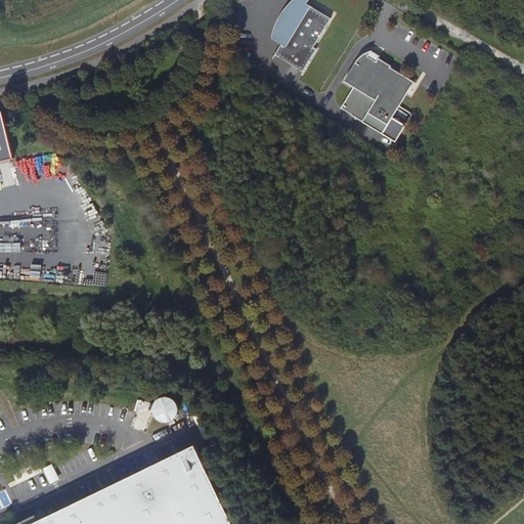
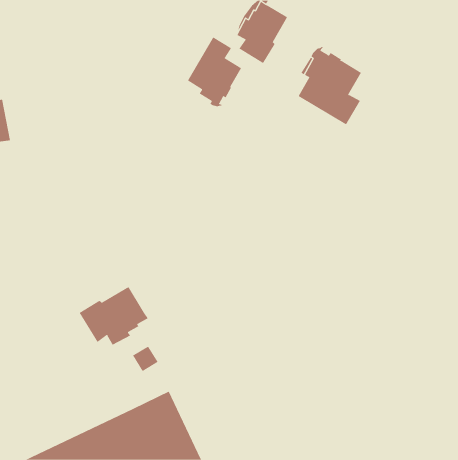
building: none -> [187,37,242,107]
building: none -> [79,286,148,345]

